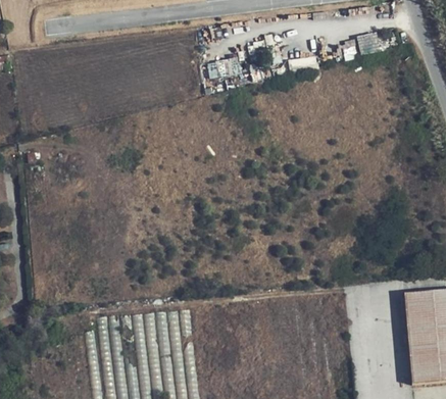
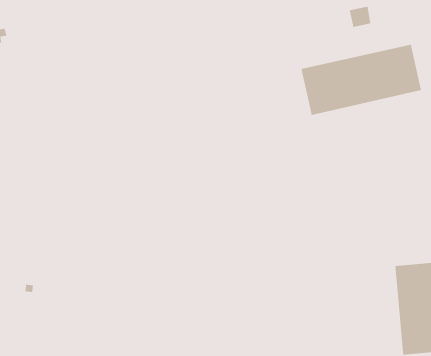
building: none -> [301,44,422,116]

